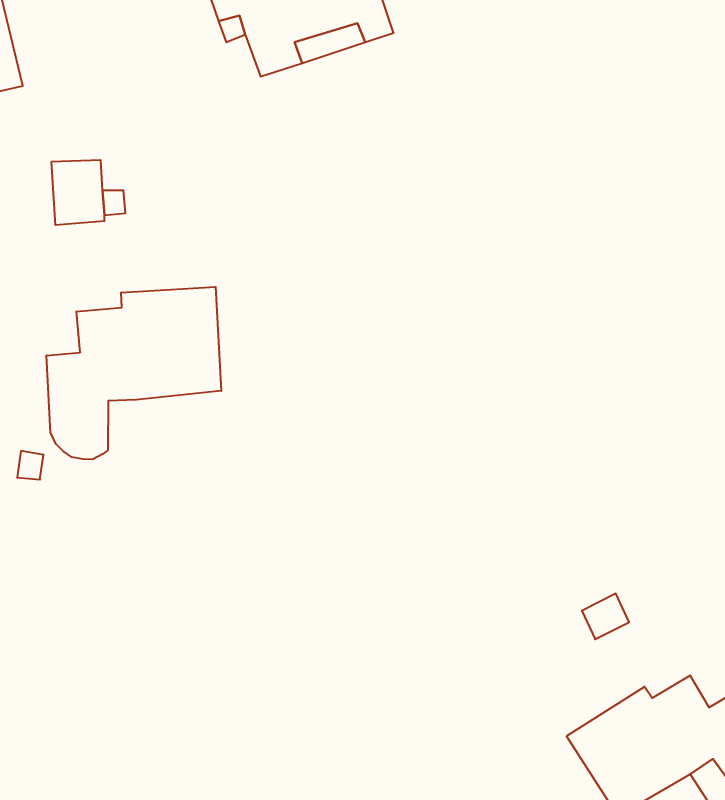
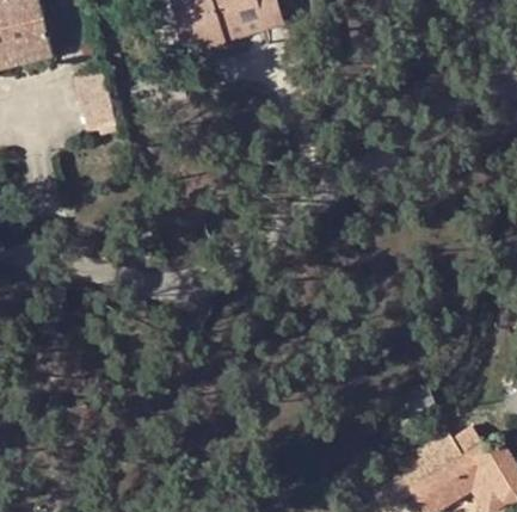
building: [46,287,221,459] -> none

